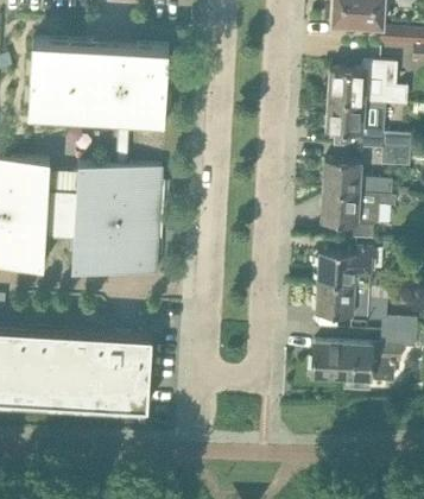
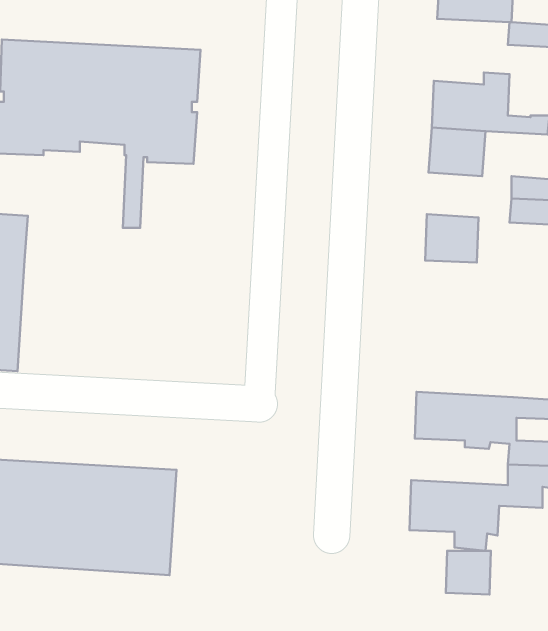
building: [45,165,165,276] -> none
building: [321,194,388,227] -> none
building: [317,247,385,288] -> none
building: none -> [446,551,491,594]

